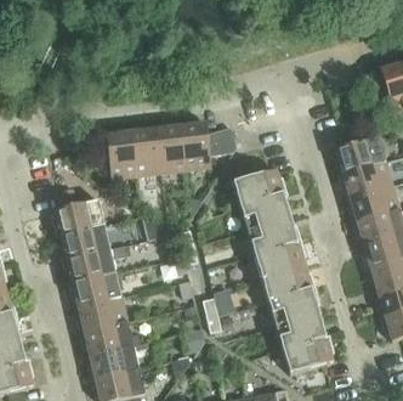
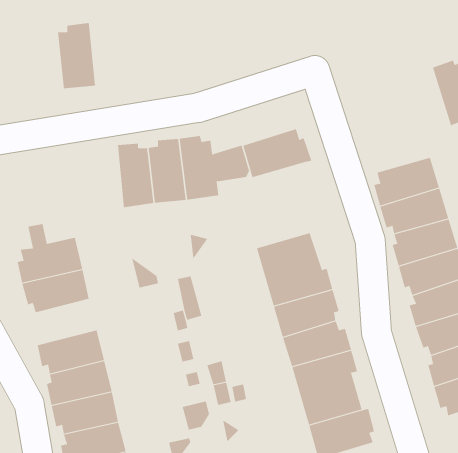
building: [106,125,136,177] -> [57,23,96,89]
building: [233,168,288,207] -> [243,128,312,178]
building: [63,247,115,283] -> none

